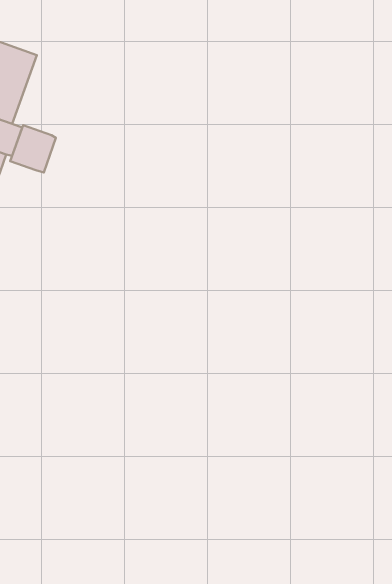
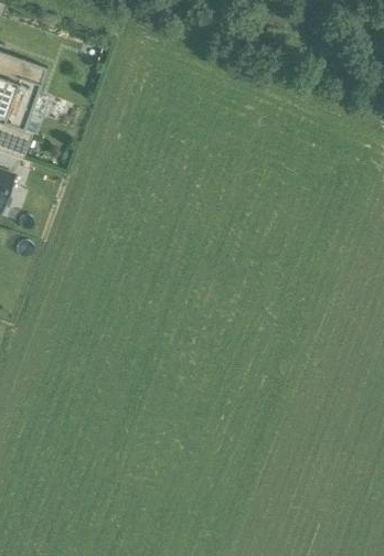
building: [10,125,56,172] -> none

